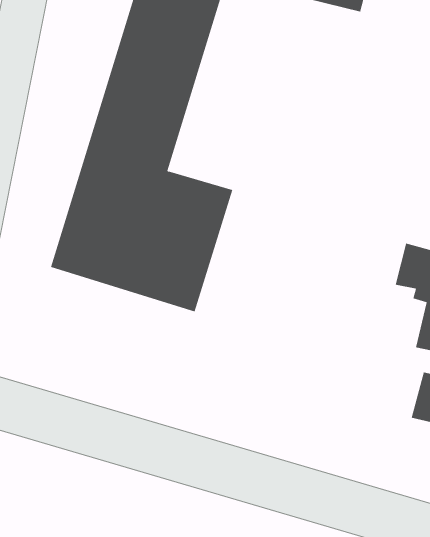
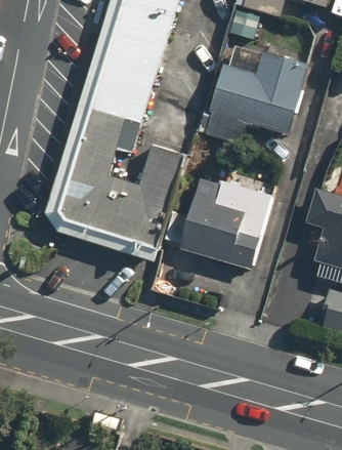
building: none -> [208,53,307,144]
building: none -> [178,180,259,273]

